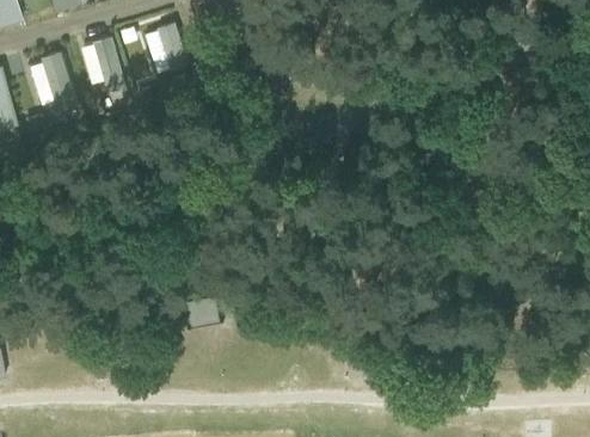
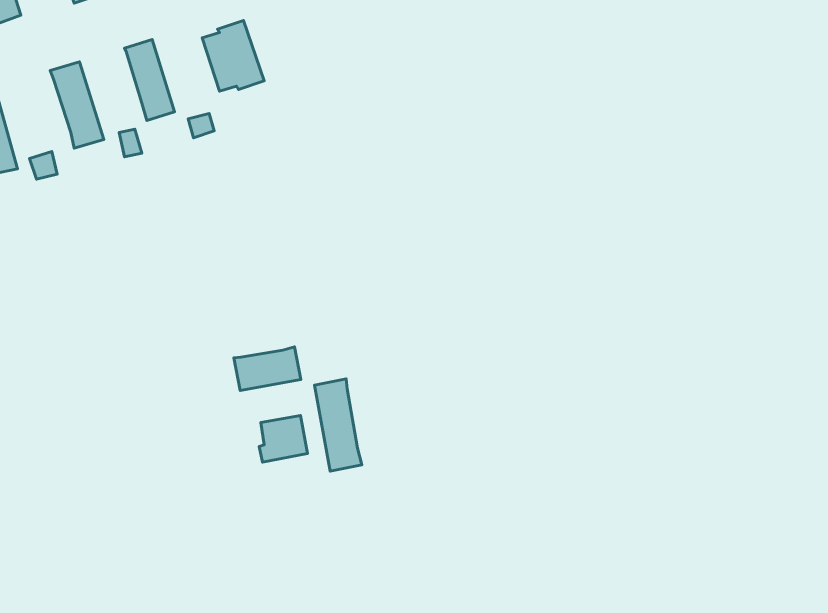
building: none -> [234,347,301,390]
building: none -> [315,379,362,471]

